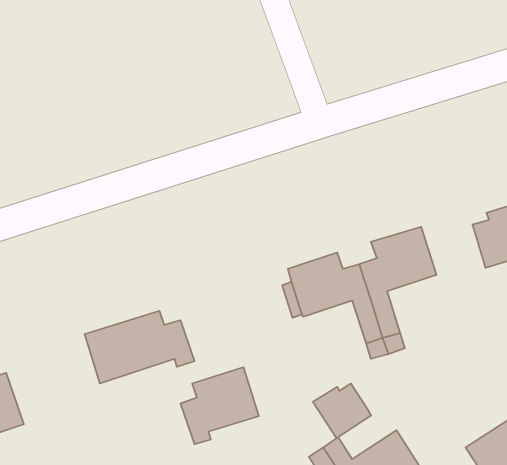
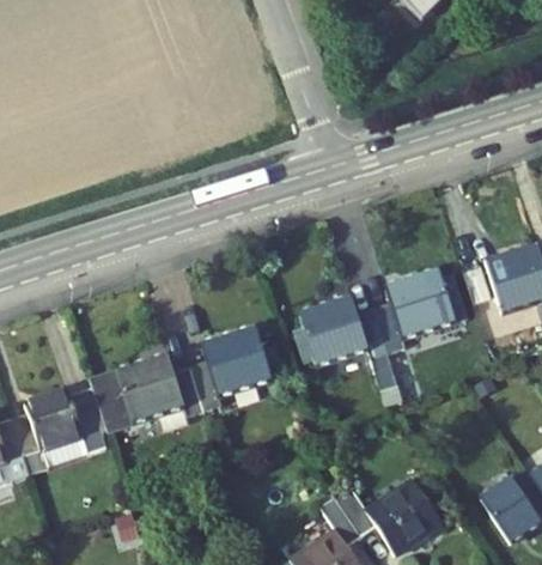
building: none -> [11,387,112,472]
building: [180,367,259,444] -> [189,328,269,407]
building: [313,384,371,438] -> none

